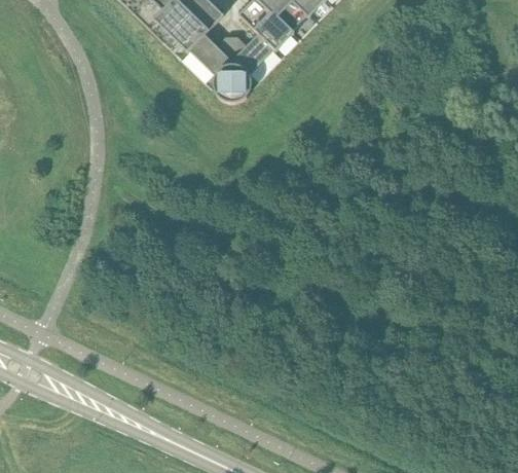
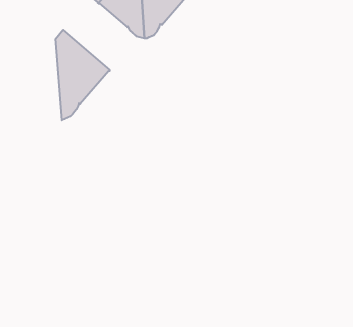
building: none -> [55,30,110,120]

